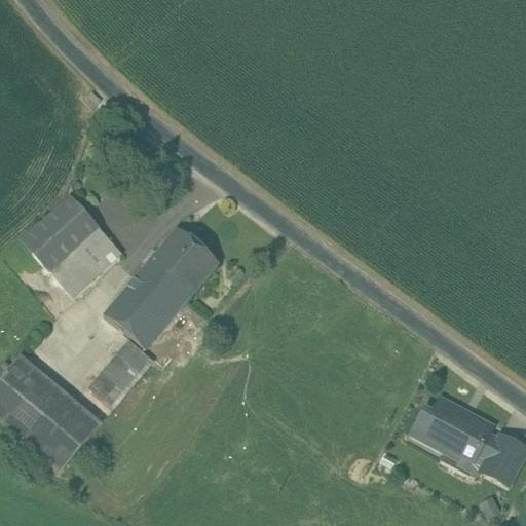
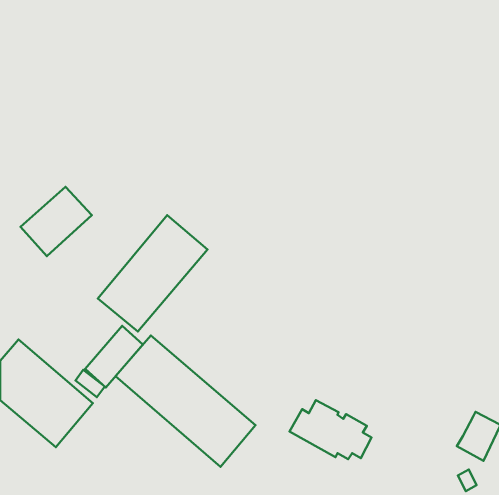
building: [50,226,121,295] -> none
building: none -> [115,336,256,467]
building: [412,398,498,459] -> [289,400,372,459]

